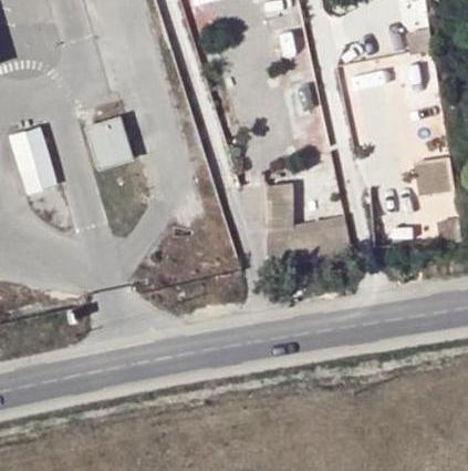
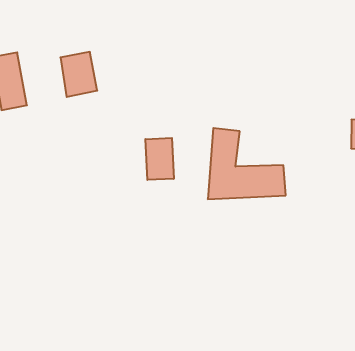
building: none -> [145,138,174,180]

